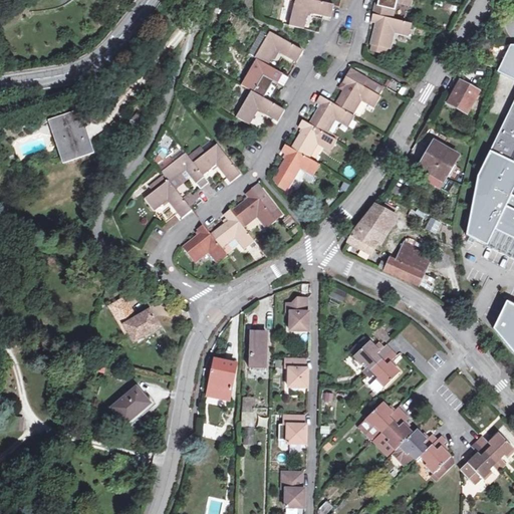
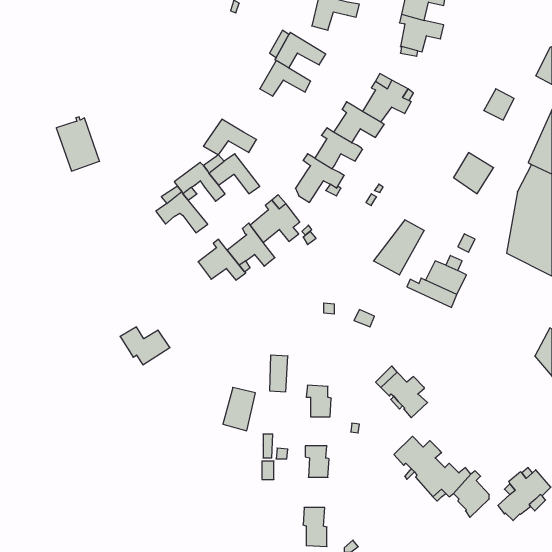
building: [236,89,285,122] -> [203,119,257,155]
building: [286,296,309,330] -> none
building: [112,387,149,422] -> none

